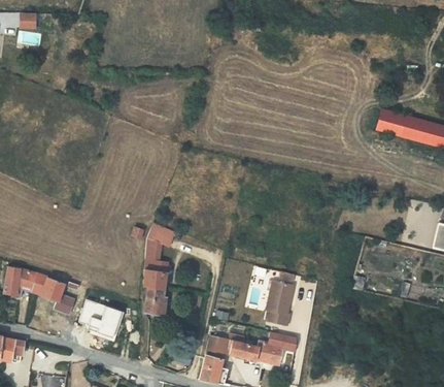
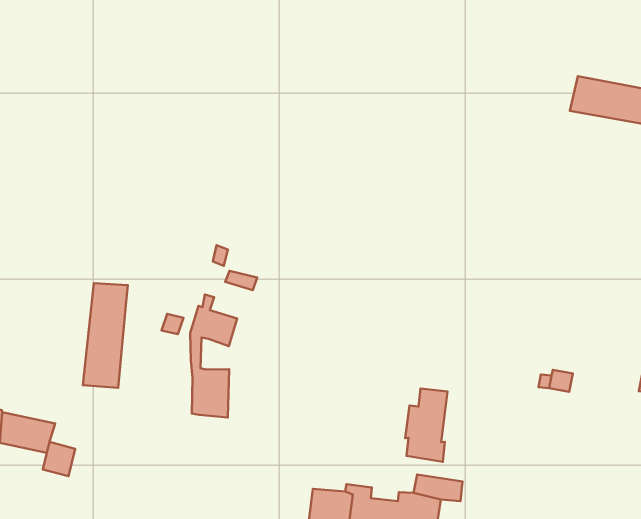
building: none -> [83,283,128,388]
building: [145,286,165,315] -> none
building: [80,300,124,337] -> none

